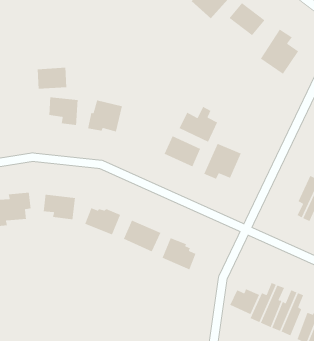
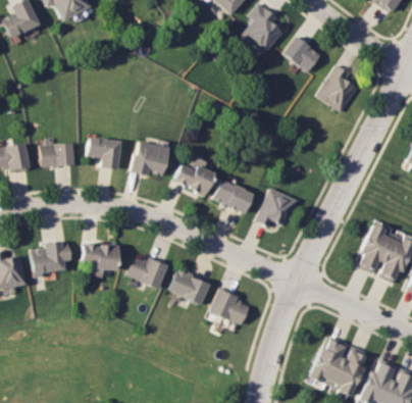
building: [37,67,67,90] -> [42,143,74,167]
building: [178,106,218,143] -> [172,157,215,197]
building: [229,288,260,315] -> none

